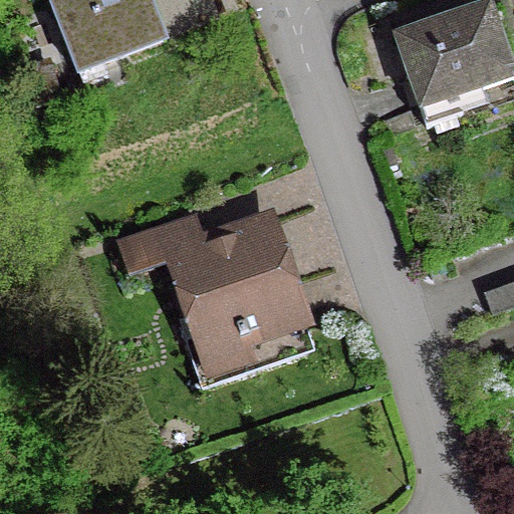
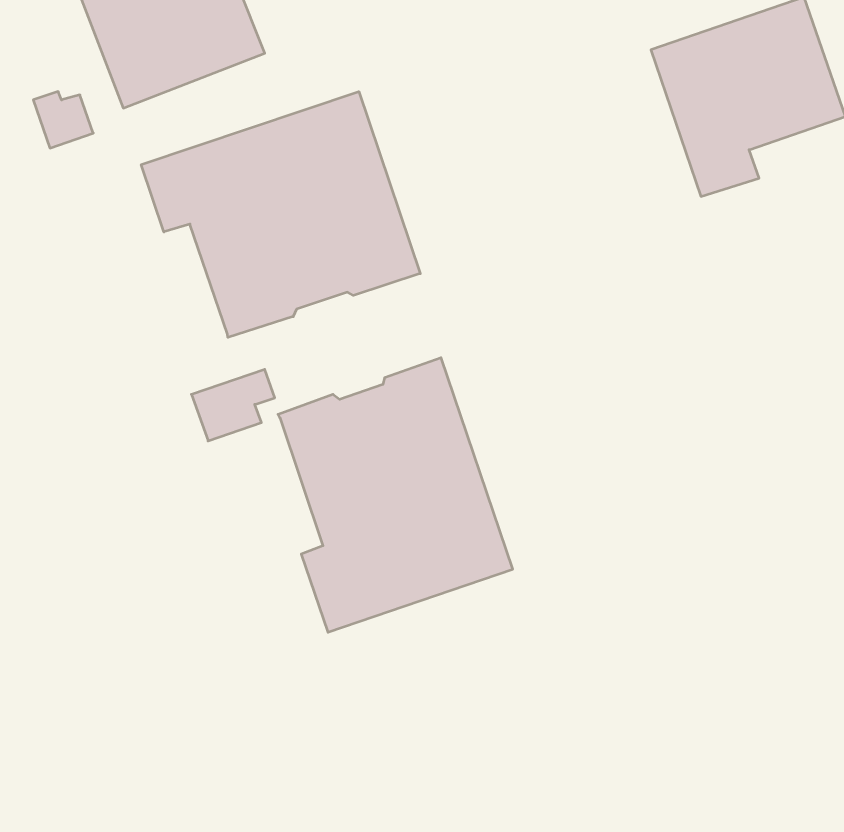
building: none -> [141,92,420,337]

